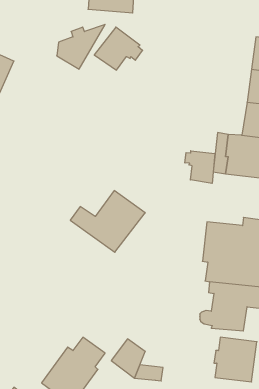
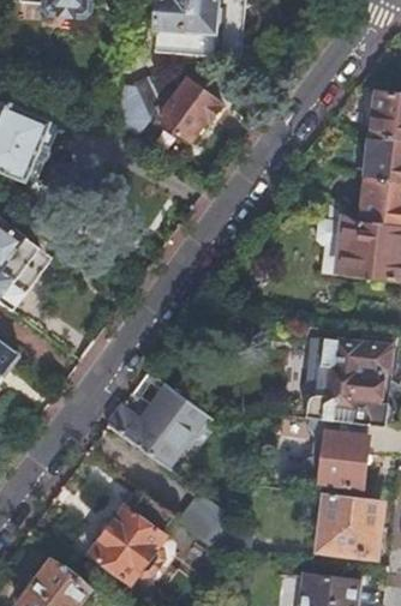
building: [185,151,215,183] -> none
building: [70,191,145,252] -> [107,386,208,469]

